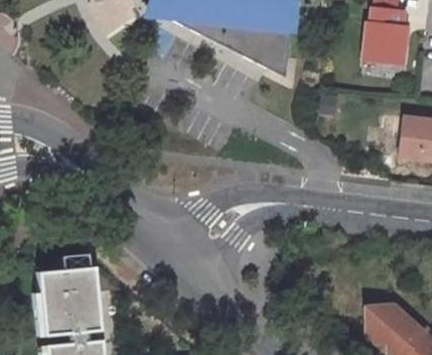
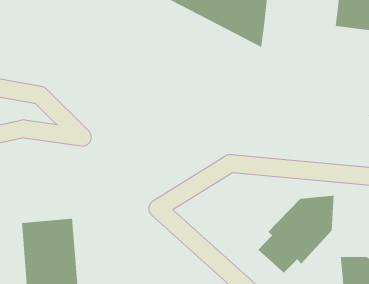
building: none -> [257,195,334,273]

